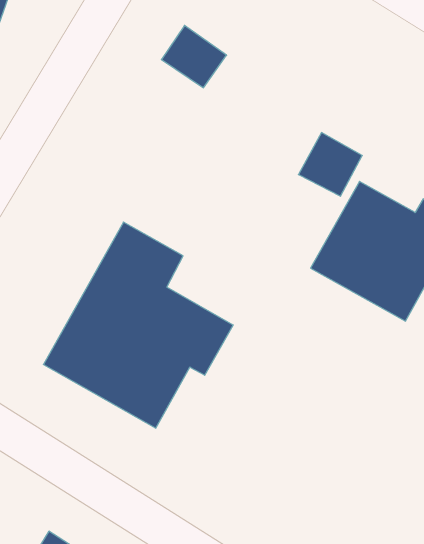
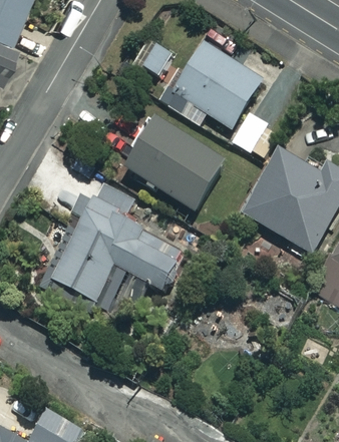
building: none -> [163,38,262,127]
building: none -> [121,116,223,209]

